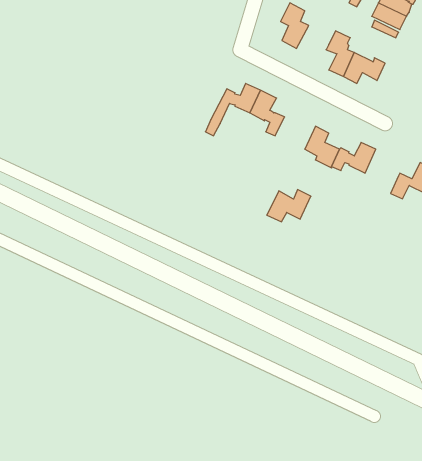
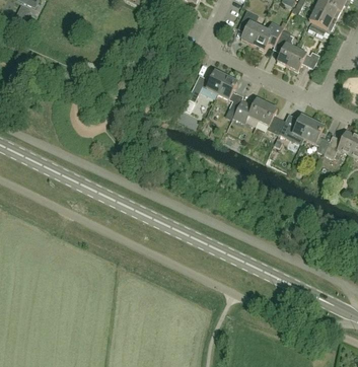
building: none -> [252,21,283,50]
building: none -> [303,120,329,153]
building: [267,190,311,222] -> [232,97,266,122]

